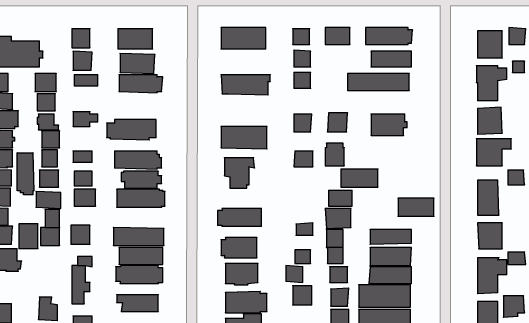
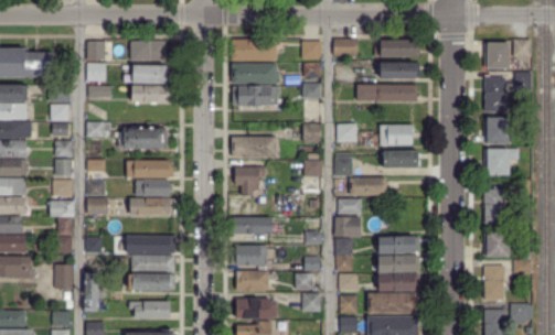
building: none -> [232,64,279,85]
building: [17,153,34,195] -> none
building: [398,198,434,216] -> [383,151,418,169]
building: [19,224,38,249] -> [54,264,73,289]

